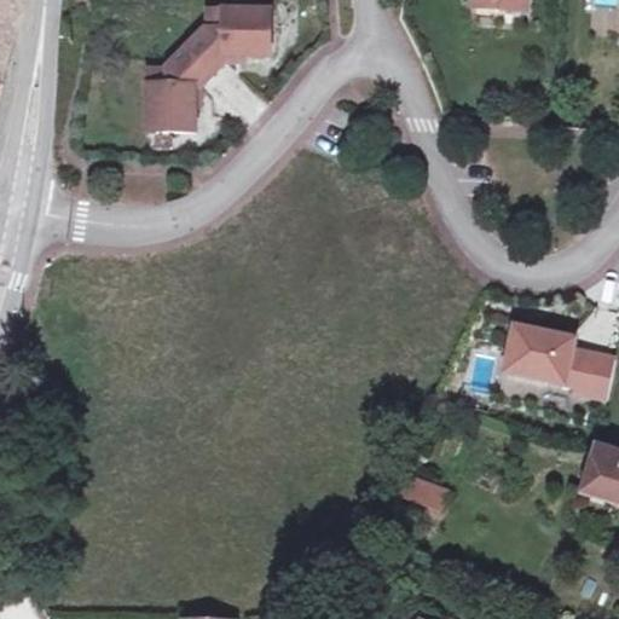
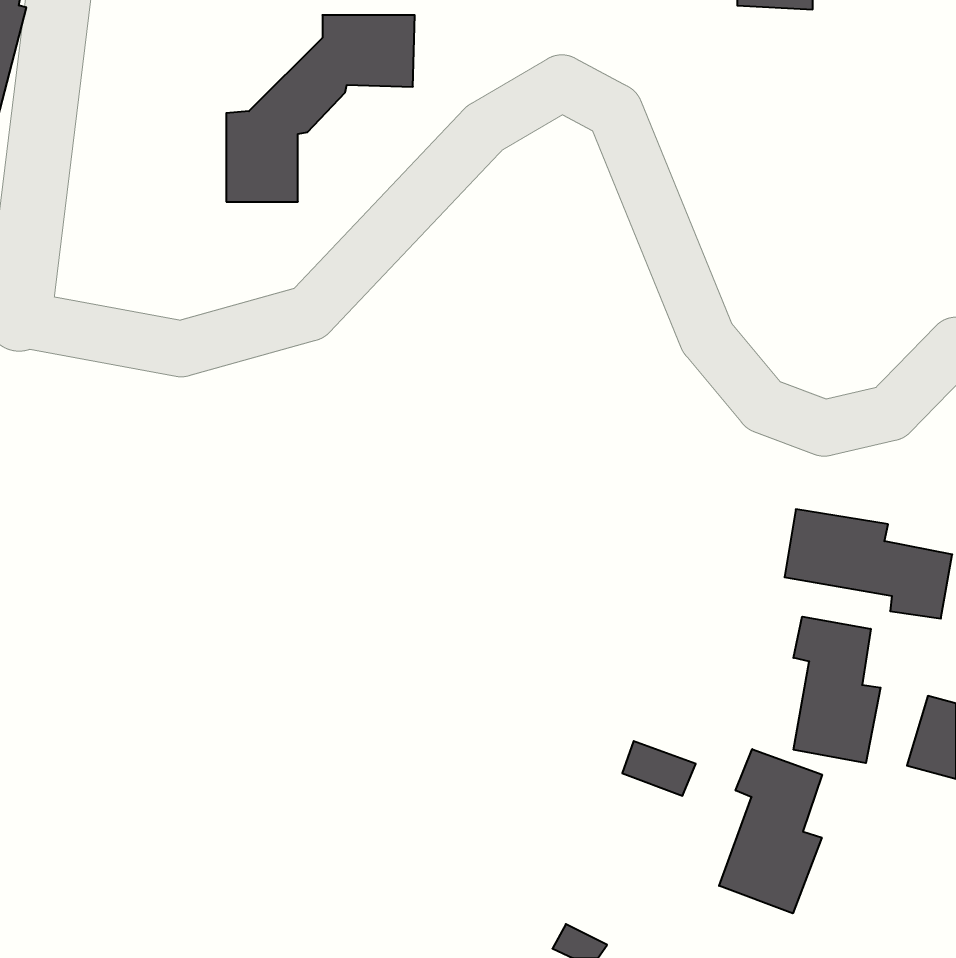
building: none -> [793,617,881,763]
building: none -> [719,749,822,913]

